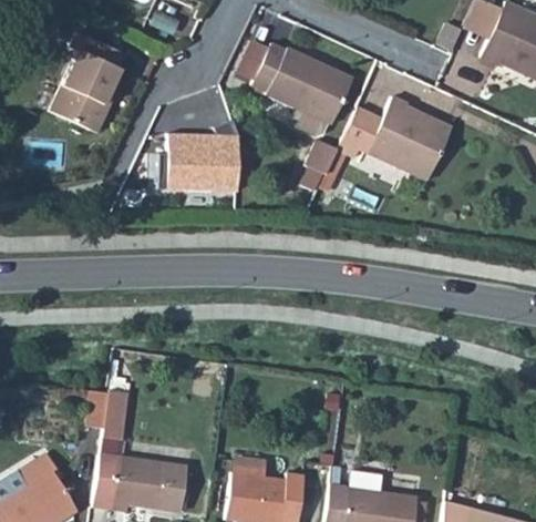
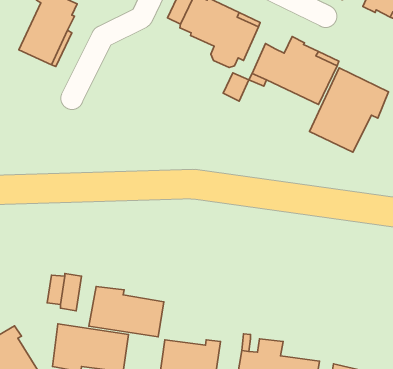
building: [162,119,241,190] -> none
building: none -> [309,68,388,152]
building: none -> [89,286,164,337]

